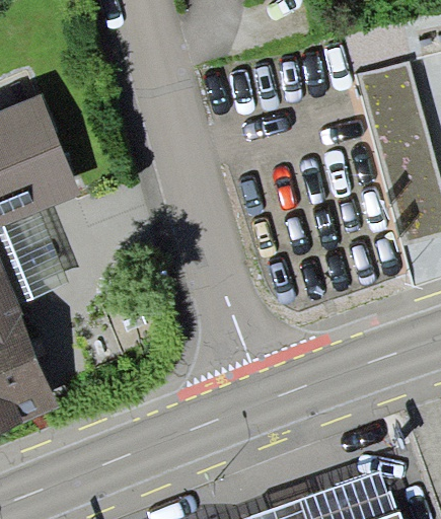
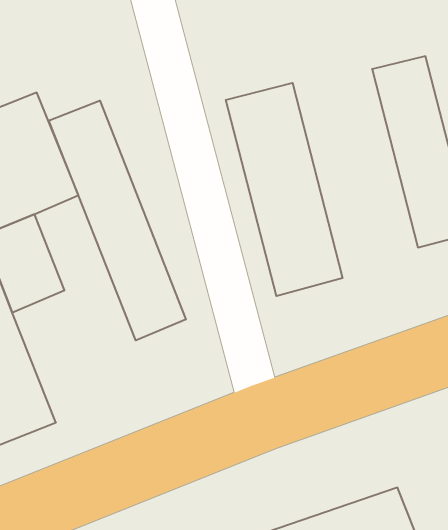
building: none -> [226,83,343,296]
building: none -> [49,101,186,340]

